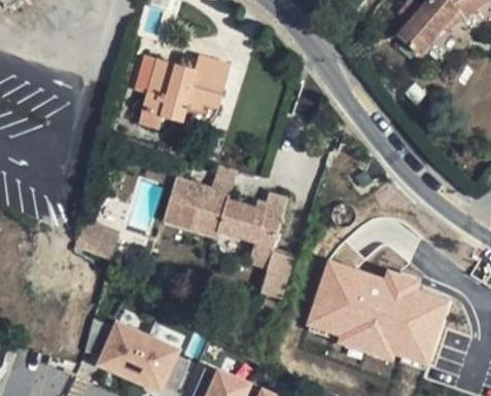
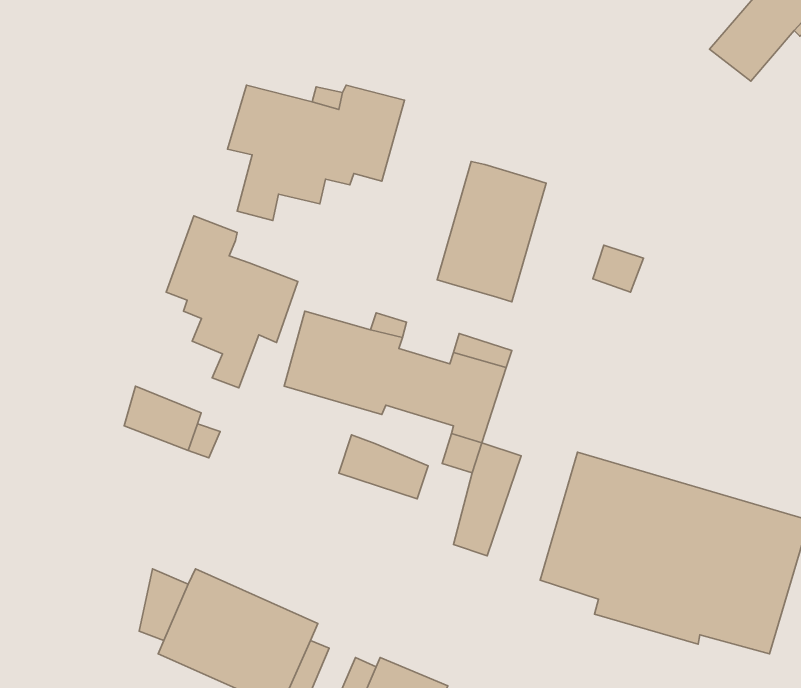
building: none -> [437,161,546,302]
building: none -> [166,216,298,388]
building: none -> [339,435,428,499]

